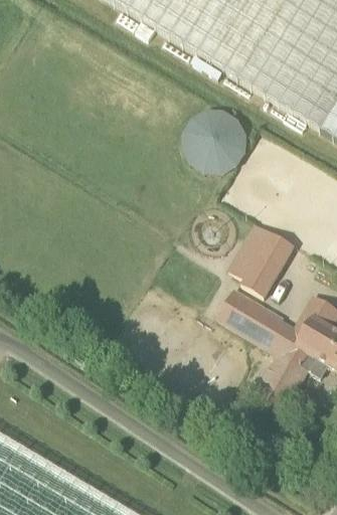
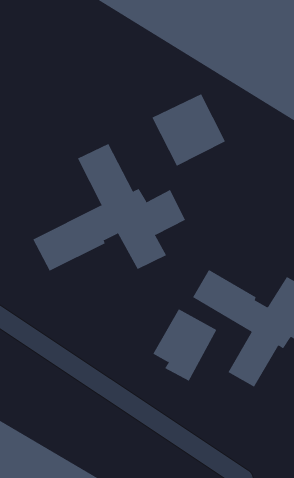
building: none -> [33,143,186,272]
building: [227,221,295,298] -> [153,309,217,382]

